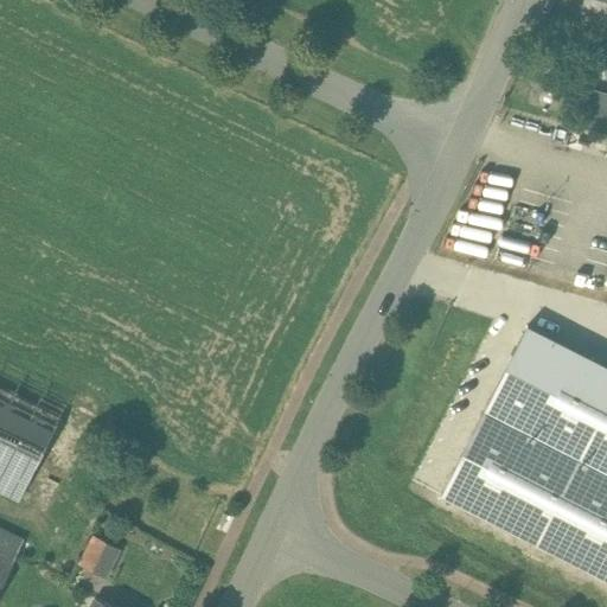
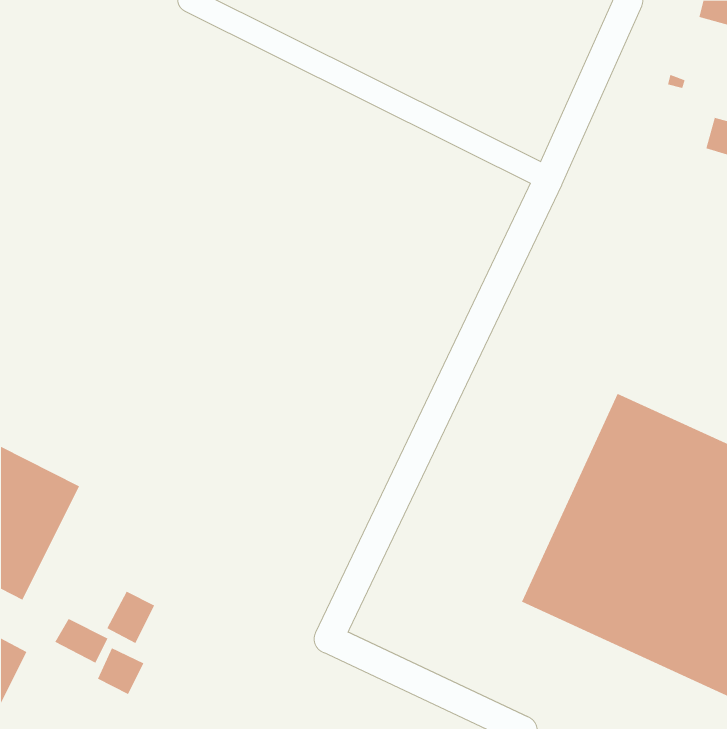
building: none -> [107,591,155,644]
building: none -> [55,618,108,663]

